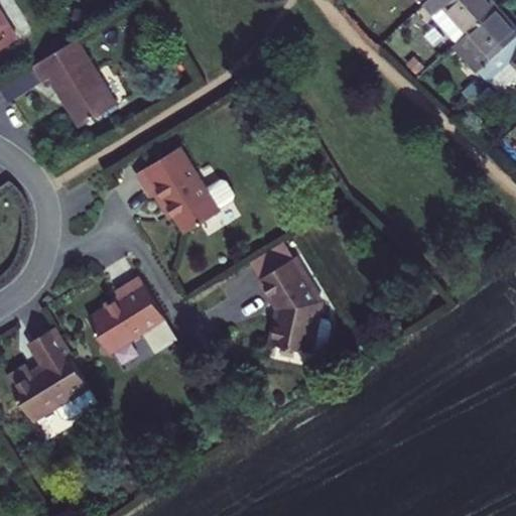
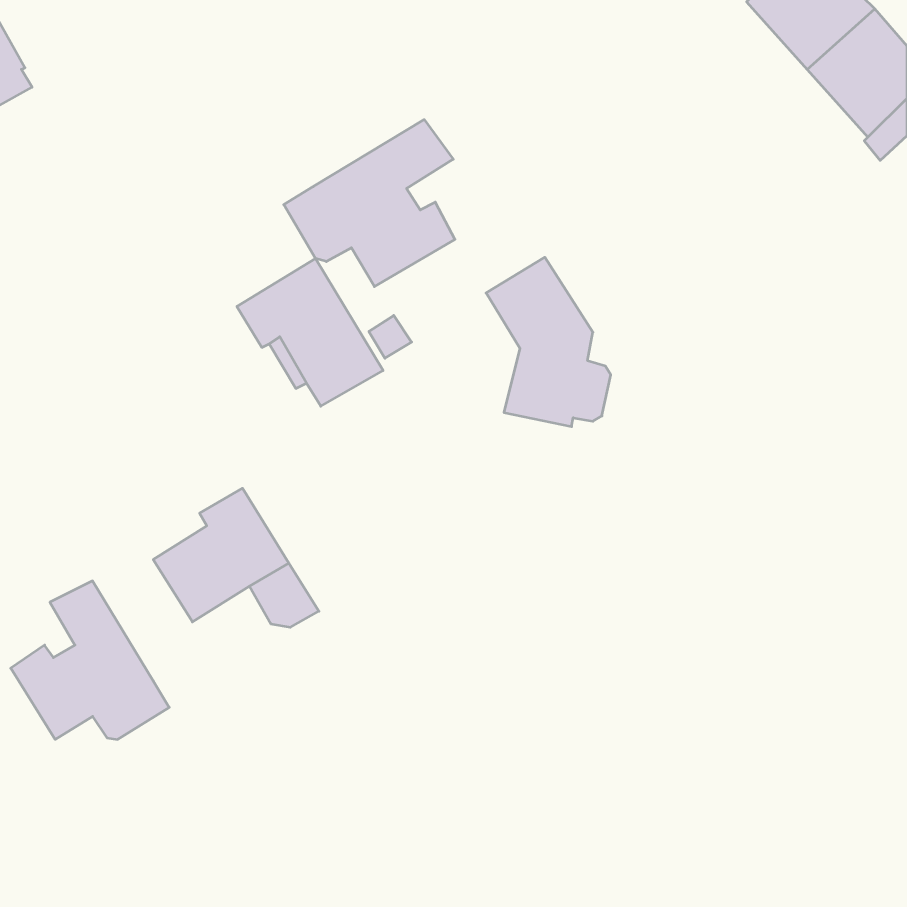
building: [31,38,115,126] -> none
building: none -> [284,120,455,287]
building: [258,256,329,352] -> [486,257,611,427]

